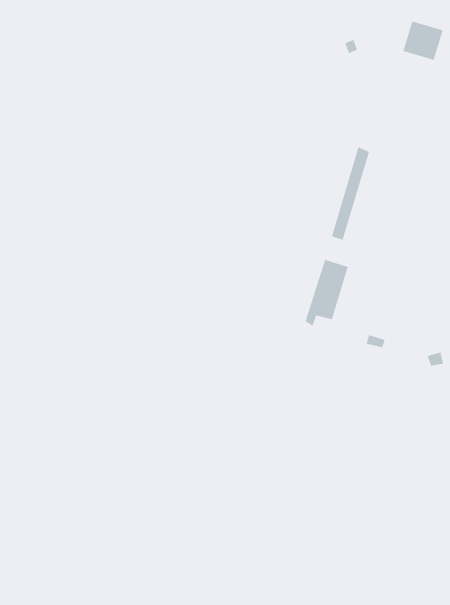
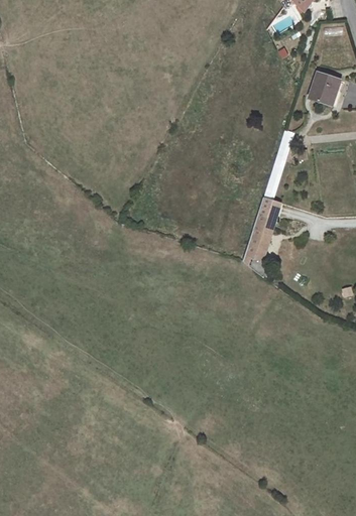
building: [402,21,443,60] -> [310,70,341,100]

